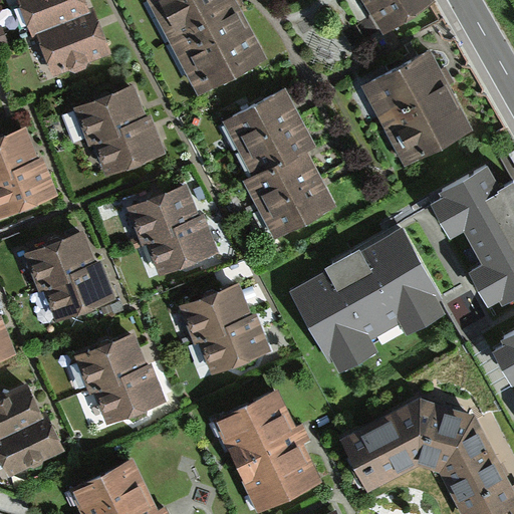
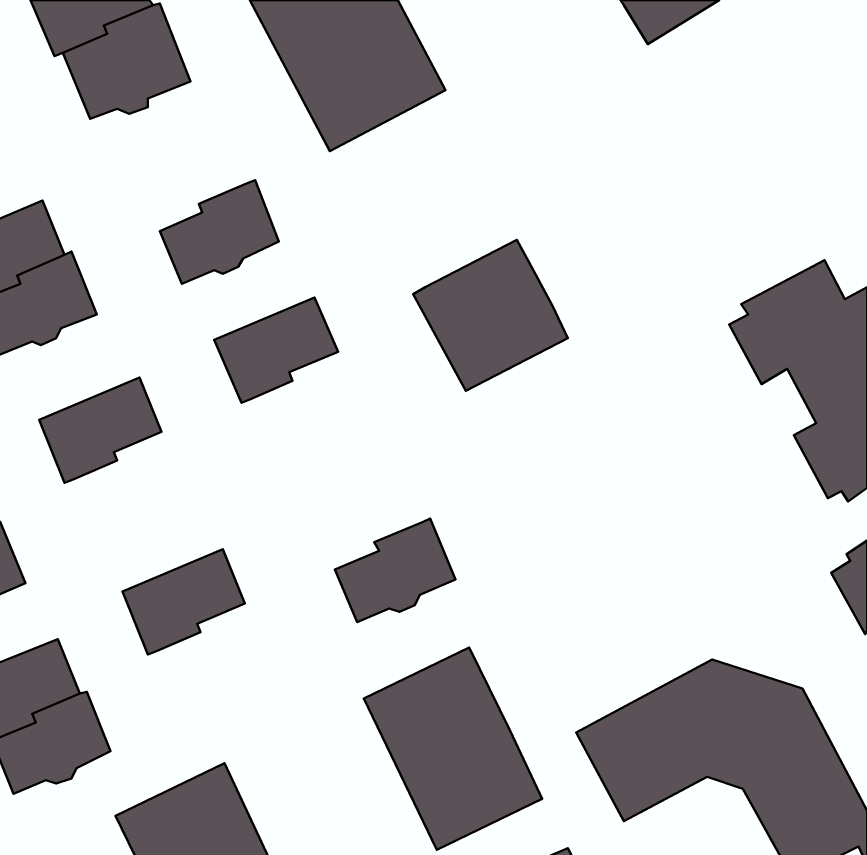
building: [361,50,472,166] -> none
building: [73,84,146,147] -> none
building: [221,87,312,178] -> none
building: [148,215,218,275] -> none
building: [290,231,445,370] -> none
building: [43,261,114,322] -> none
building: [178,284,250,346] -> none
building: [92,362,164,424] -> none

